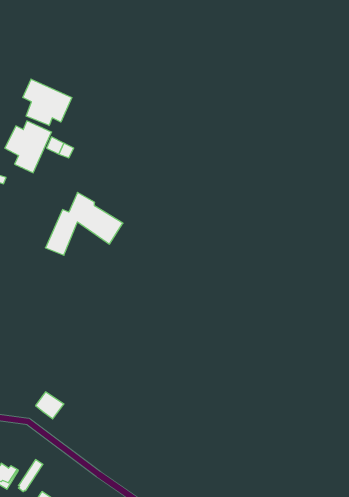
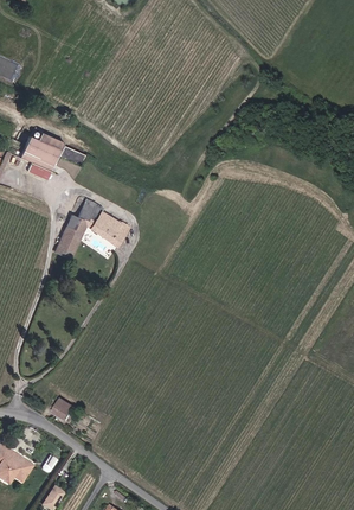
building: [23,79,72,126] -> none

